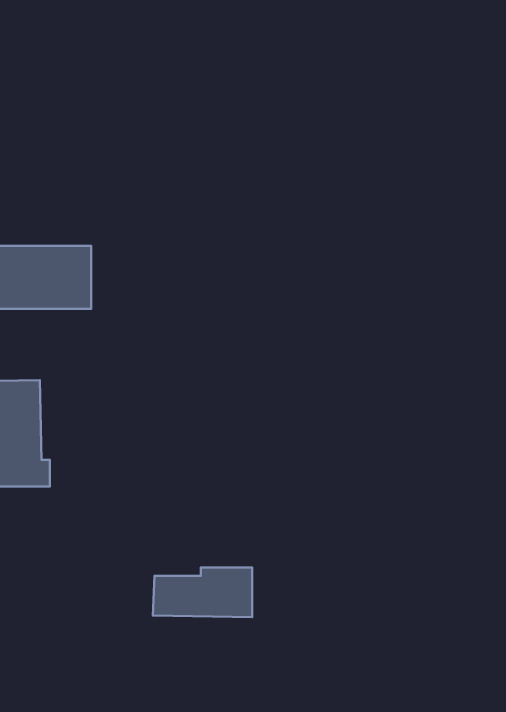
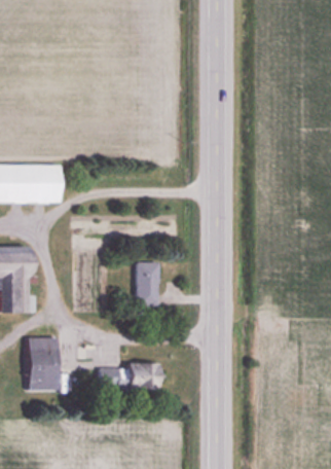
building: none -> [137,261,159,305]
building: none -> [29,338,59,392]

